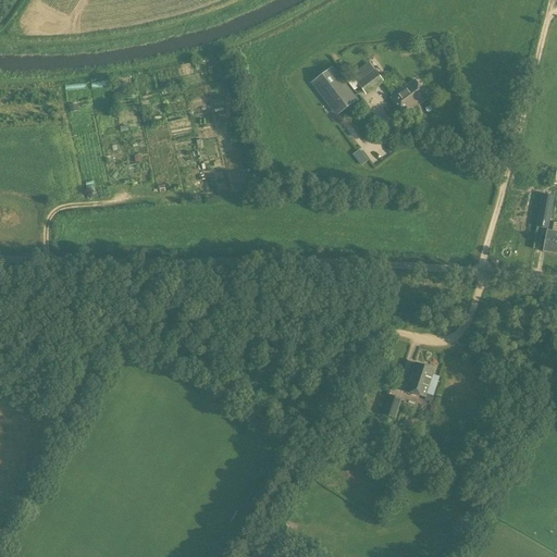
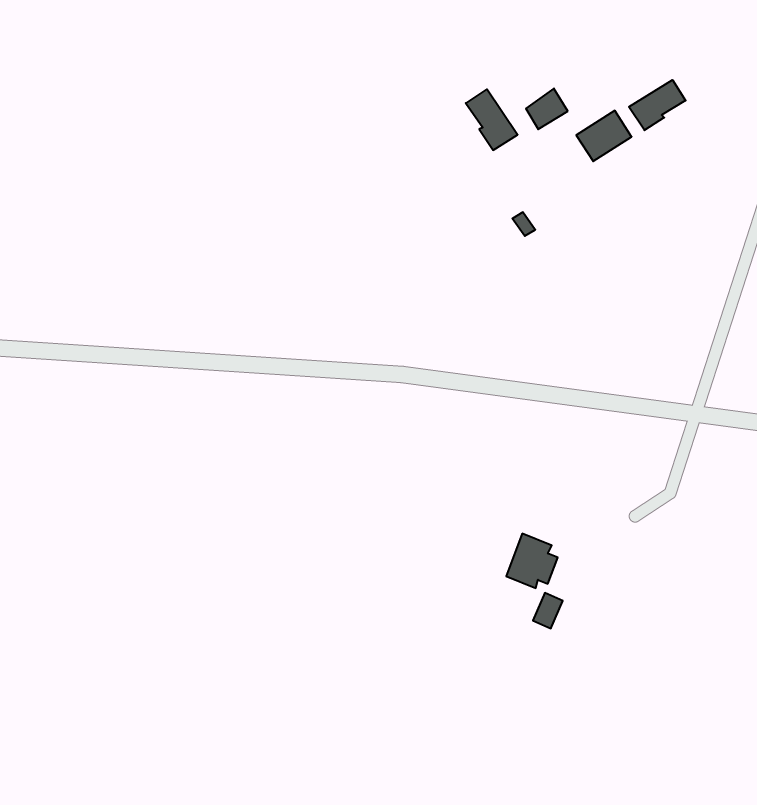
building: none -> [629,80,686,130]
building: [406,361,438,396] -> [506,534,558,588]

